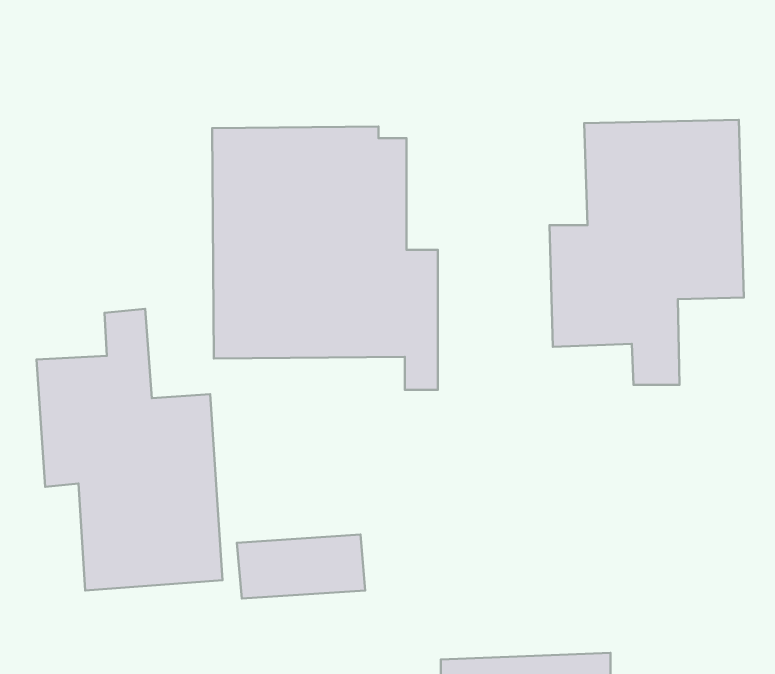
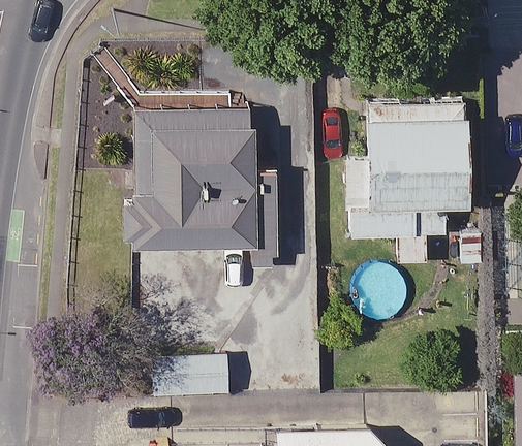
building: [37,309,223,590] -> none

